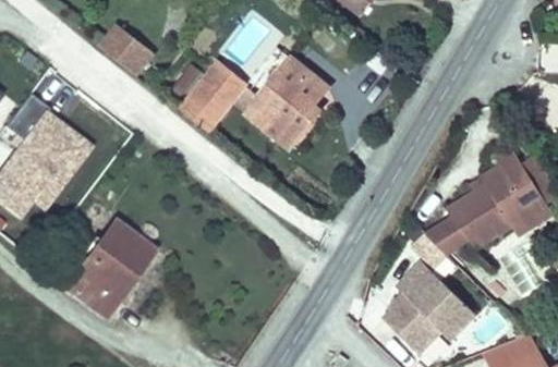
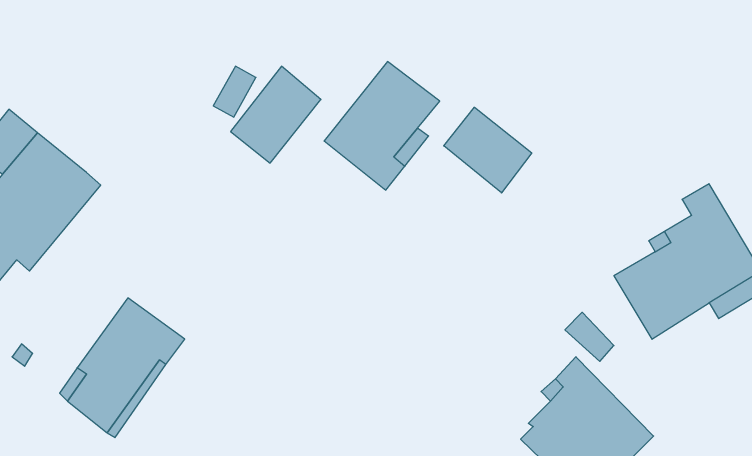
building: [109,35,158,81] -> none
building: none -> [444,107,532,193]

